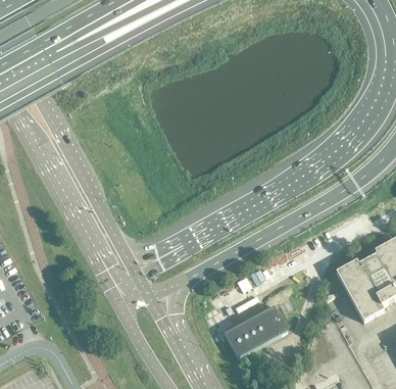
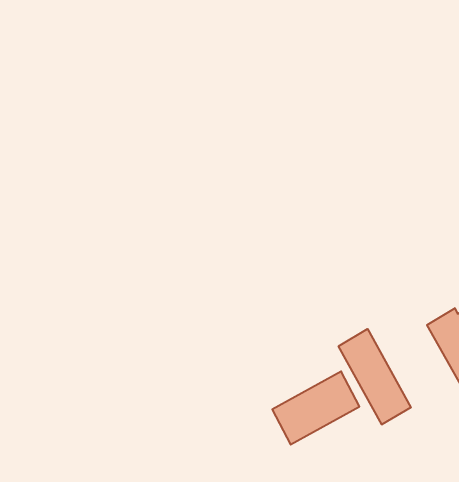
building: none -> [339,329,411,425]

